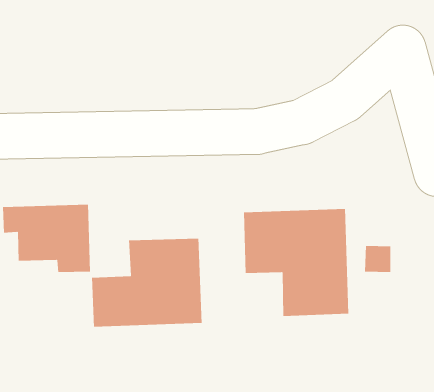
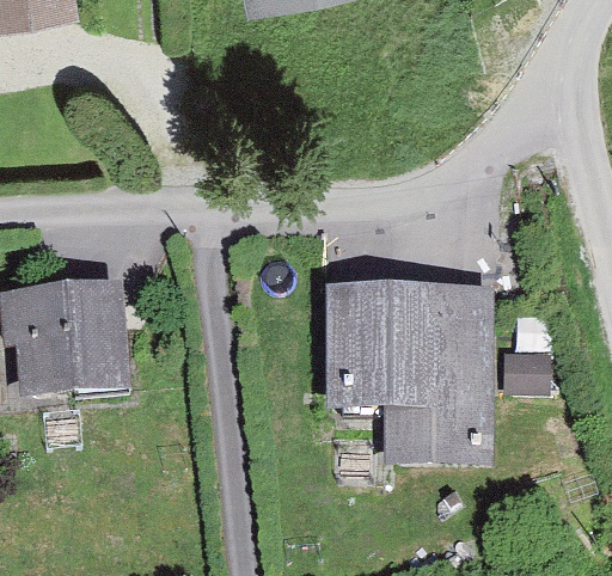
building: [91,238,202,327] -> none

